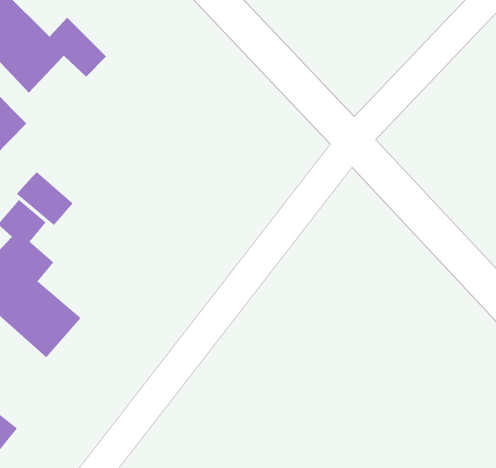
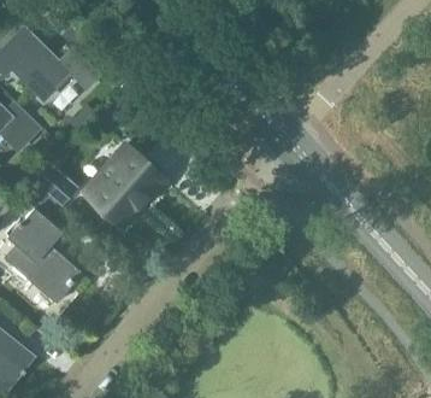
building: none -> [83,145,166,226]

